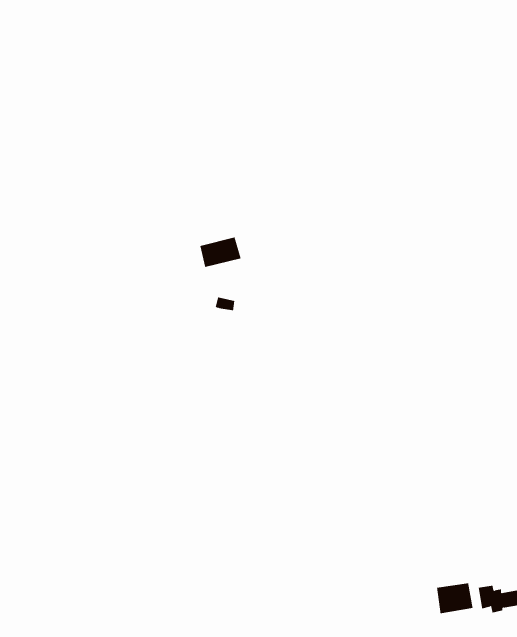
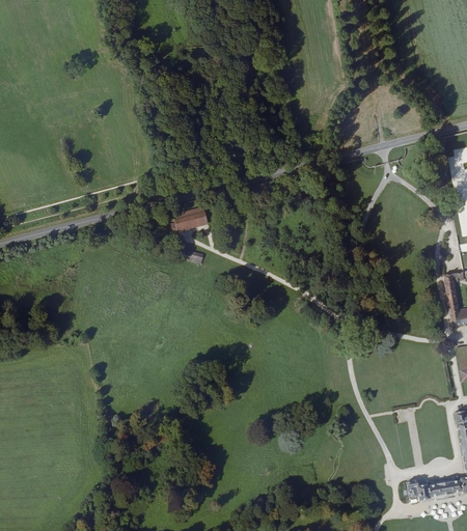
building: [437,582,473,614] -> none

